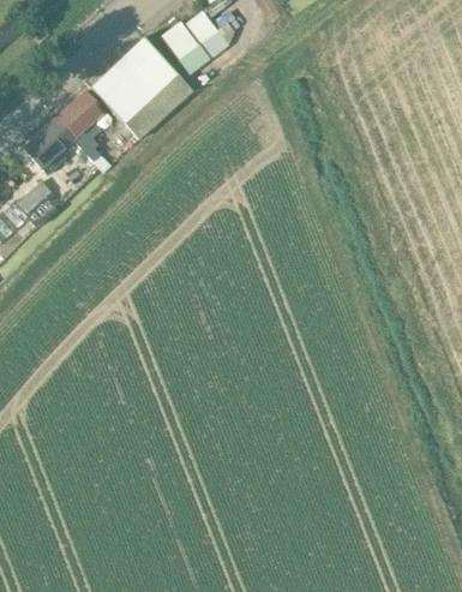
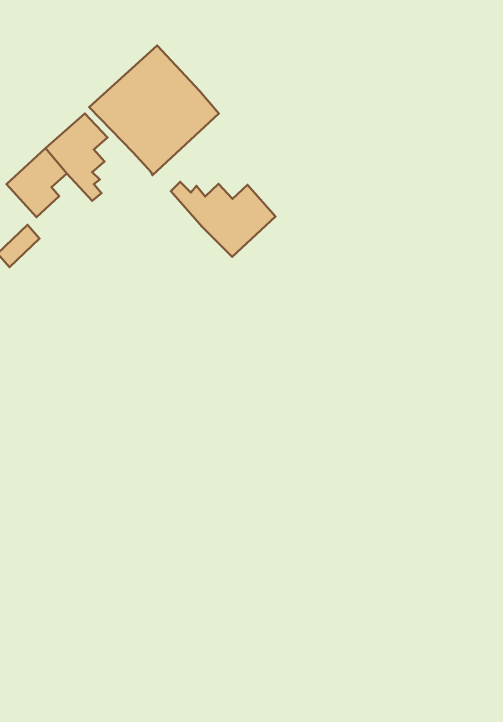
building: [161,10,234,73] -> none
building: none -> [171,182,276,257]

